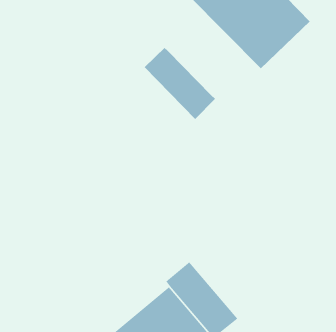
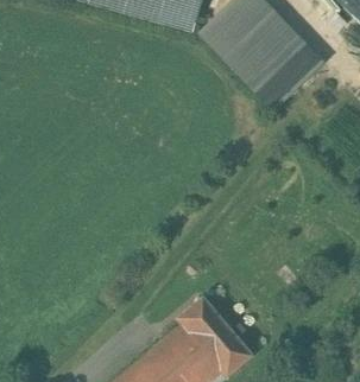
building: [144,47,216,120] -> none

